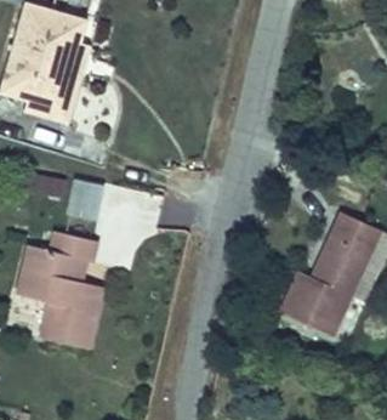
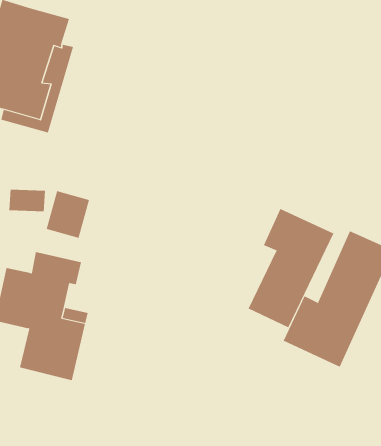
building: none -> [248,208,334,328]

